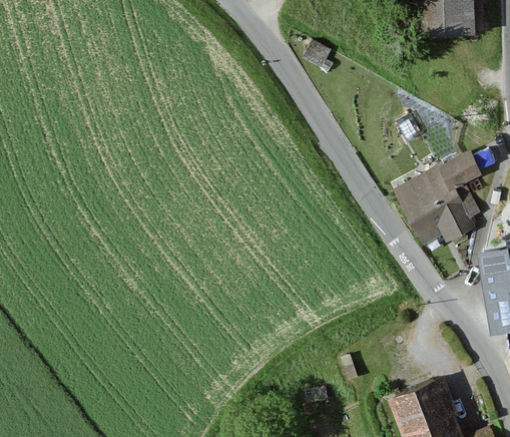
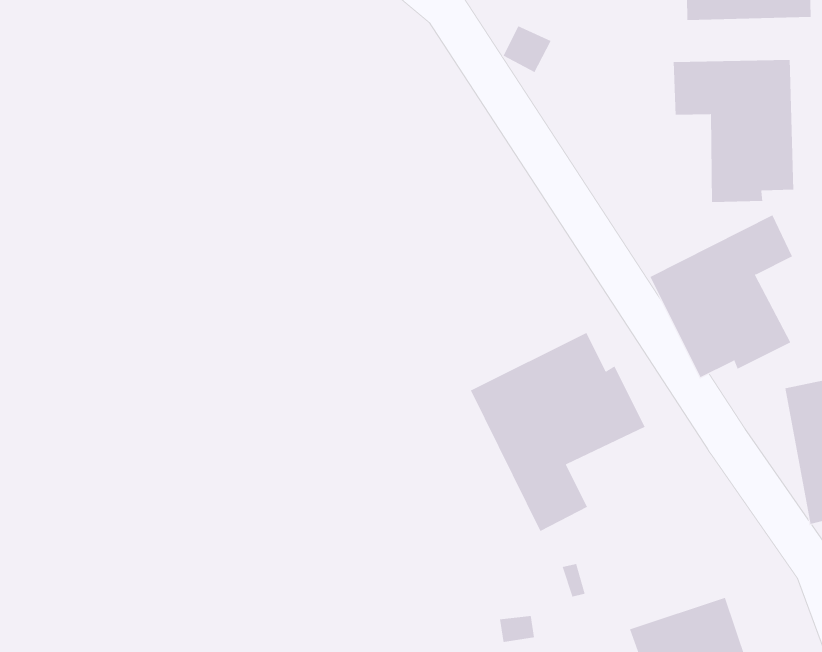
building: none -> [673,59,794,203]
building: none -> [470,332,646,532]

